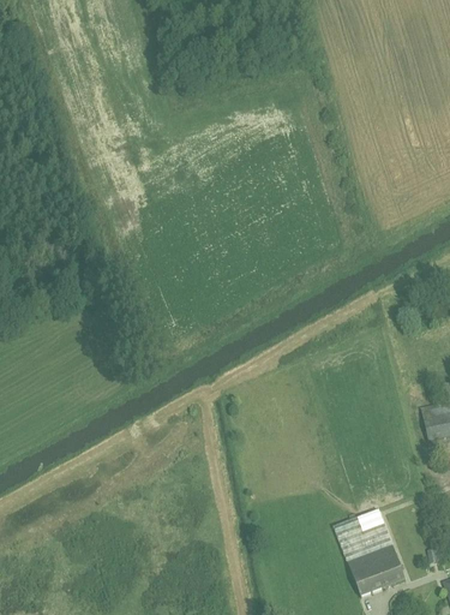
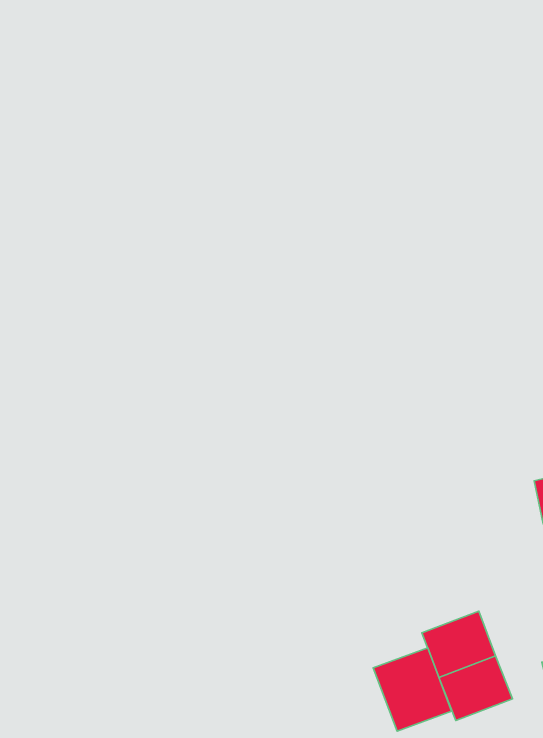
building: none -> [373,648,452,731]

